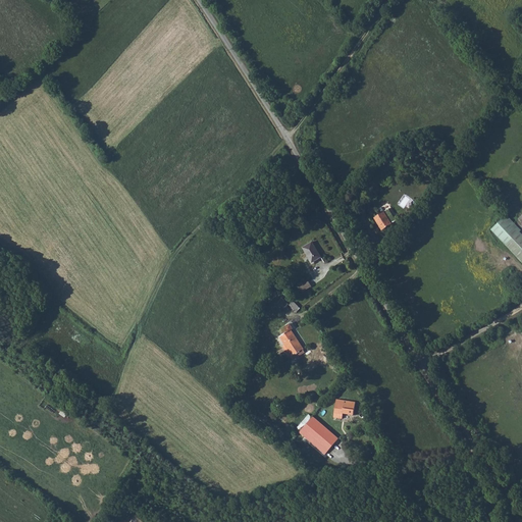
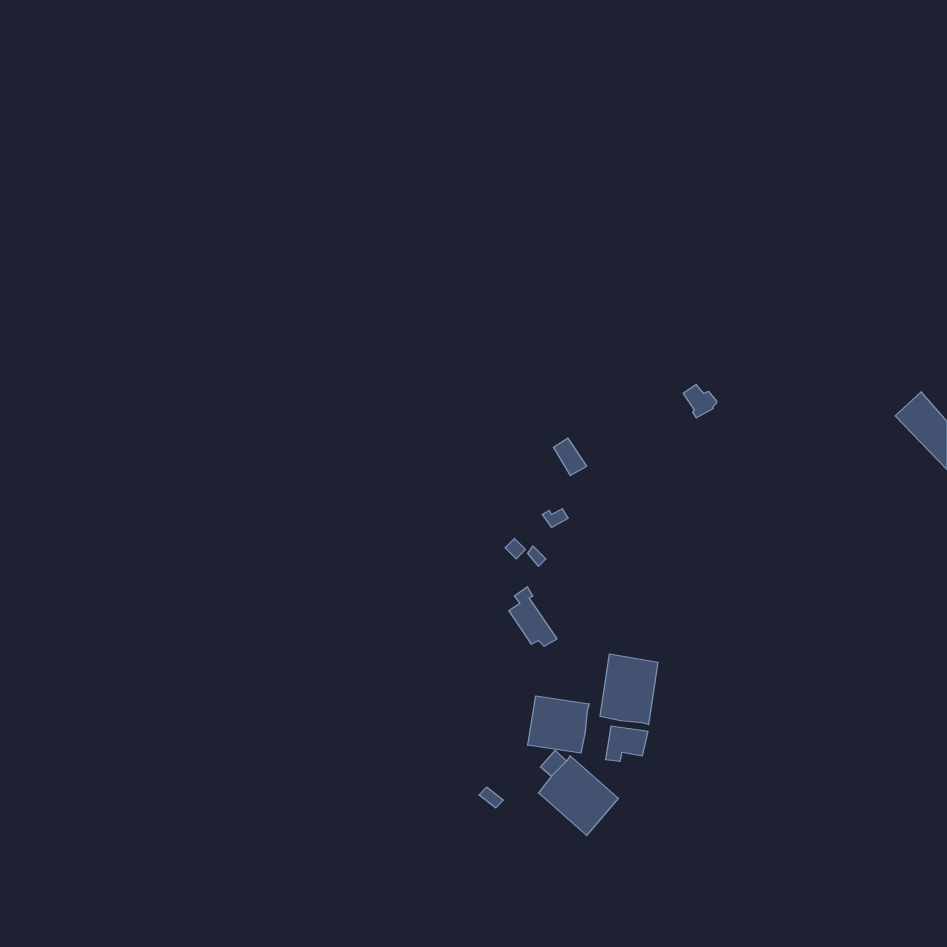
building: none -> [600,654,658,725]
building: none -> [528,696,589,753]

